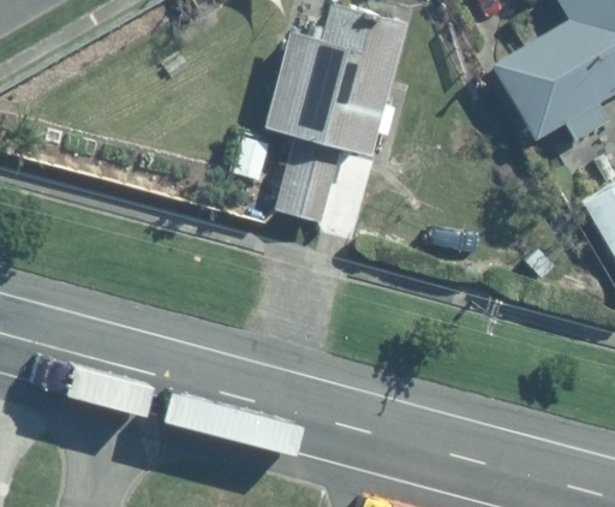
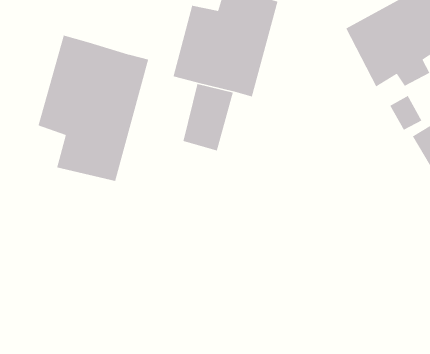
building: none -> [37,34,149,182]

